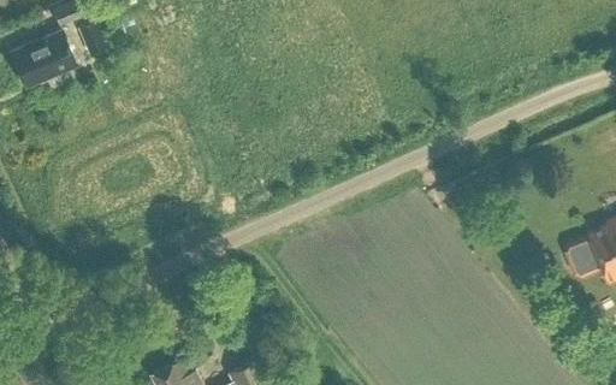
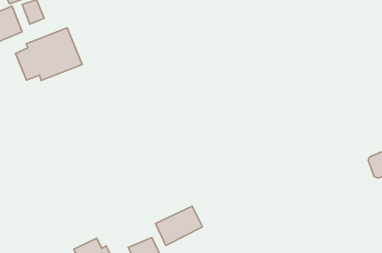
building: none -> [16,28,82,81]
building: none -> [155,206,203,245]

